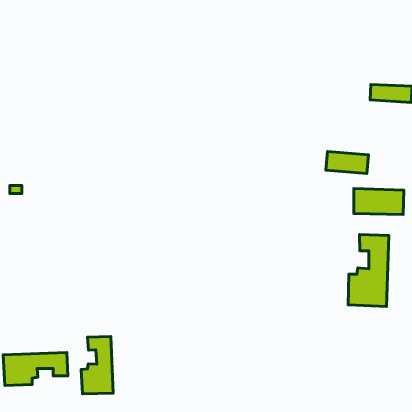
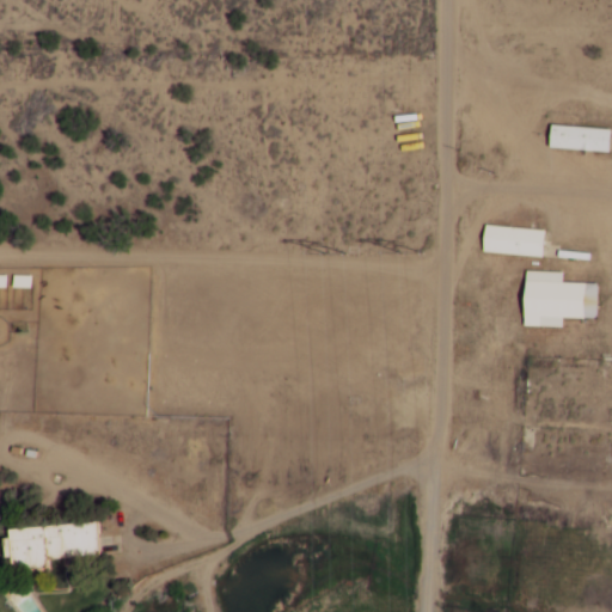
building: [348,235,389,306] -> none
building: [81,336,113,394] -> none

